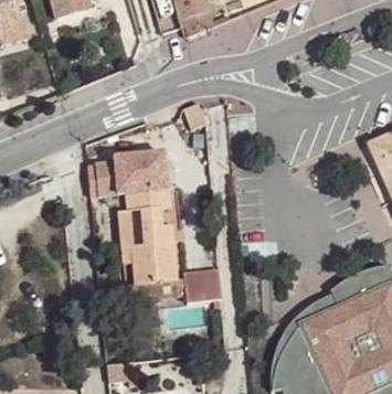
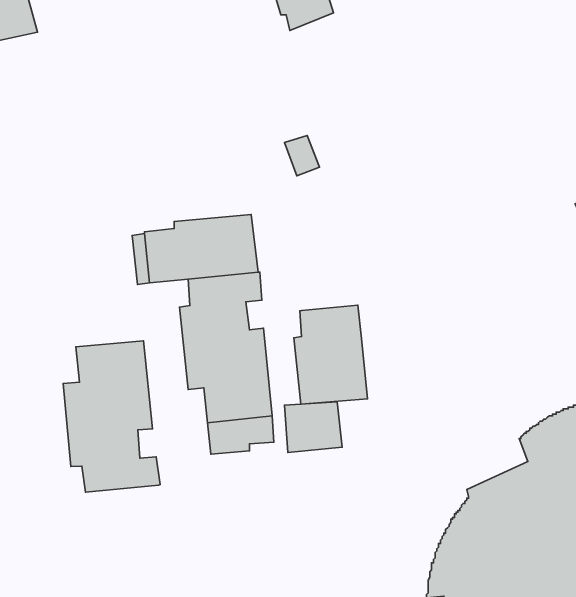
building: none -> [294,305,367,404]
building: none -> [63,341,160,492]

